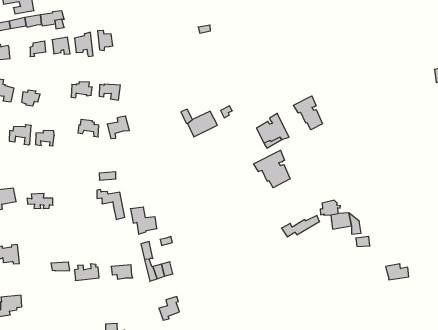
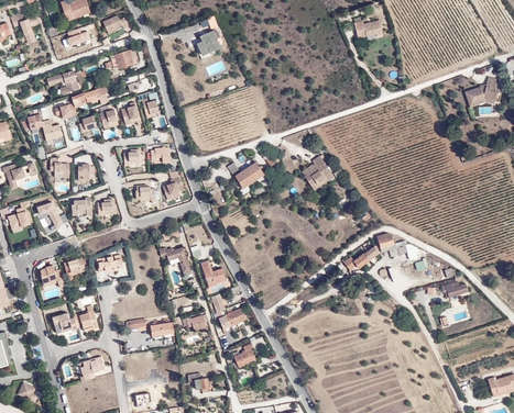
building: [293,96,322,130] -> none
building: [253,150,290,188] -> none

